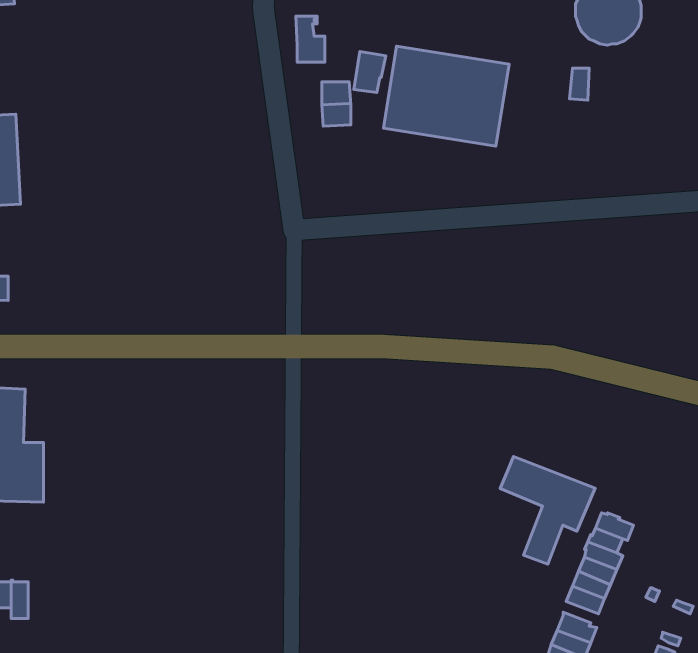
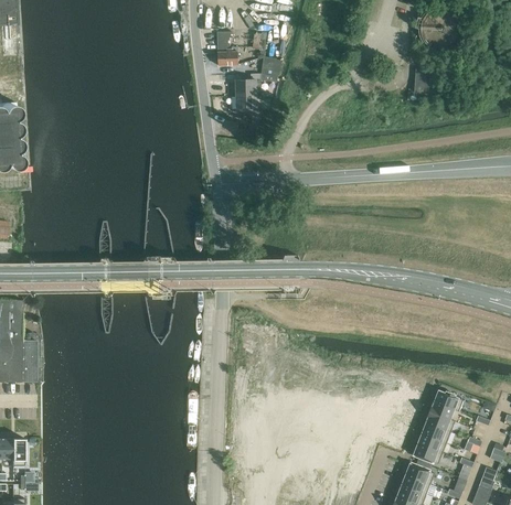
building: [383,46,509,146] -> none
building: [500,456,595,564] -> none

